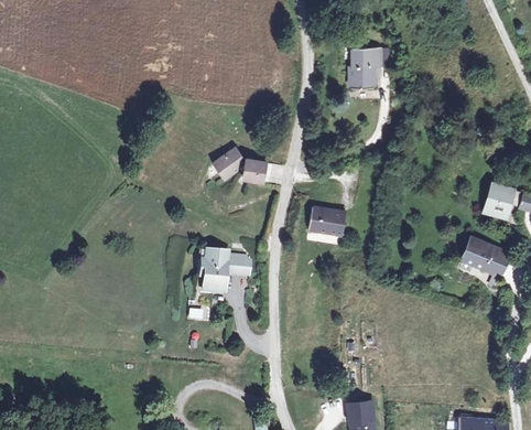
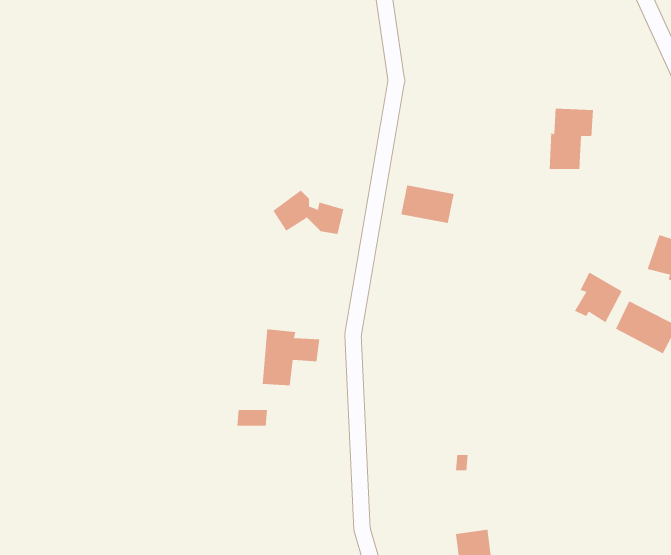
building: [346,47,379,93] -> [549,108,594,170]
building: [308,207,348,236] -> [401,185,455,224]
building: none -> [574,272,623,323]

